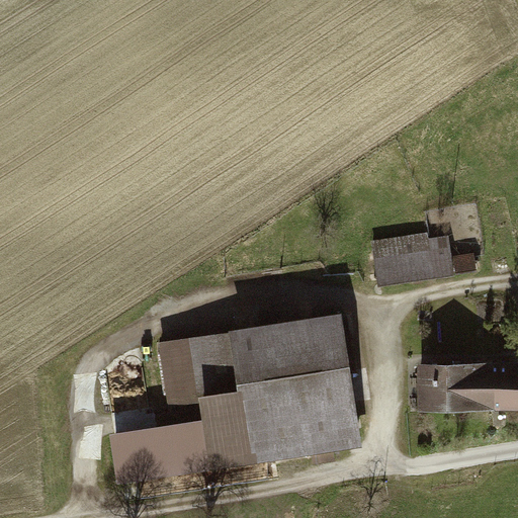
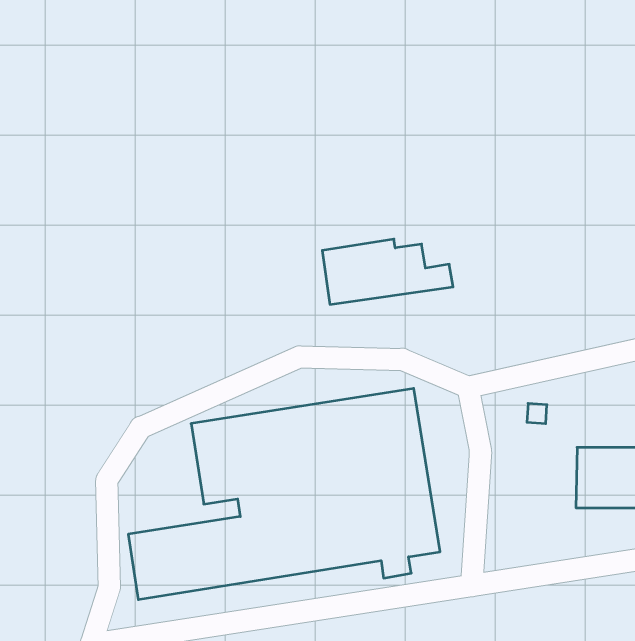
building: [374,235,480,287] -> [322,239,453,304]
building: [416,361,470,410] -> none

